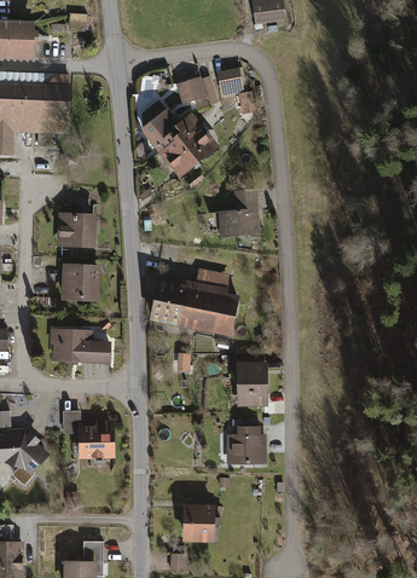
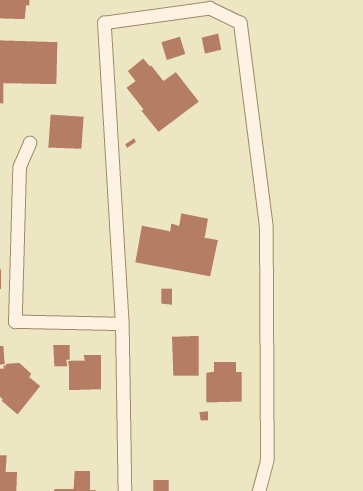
building: [220,187,260,236] -> none
building: [56,215,95,253] -> [47,114,85,149]
building: [60,267,98,306] -> none
building: [51,333,109,366] -> none
building: [237,359,267,403] -> [171,336,199,376]
building: [183,503,220,538] -> none

